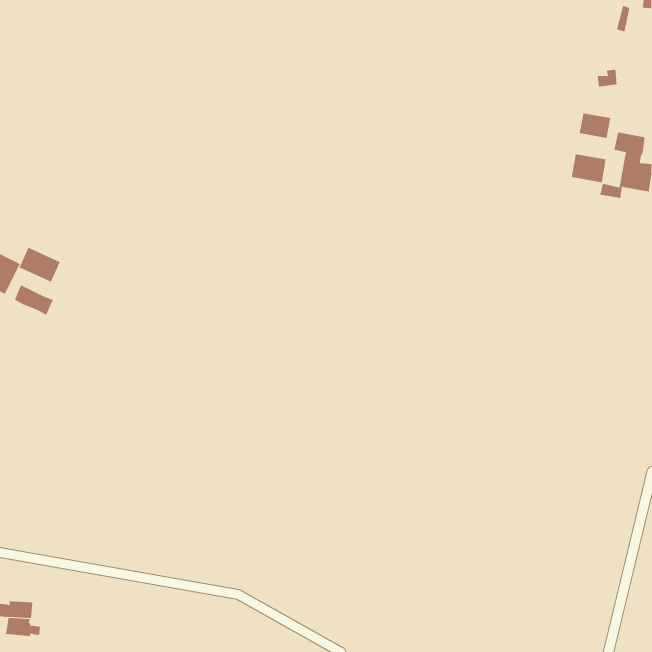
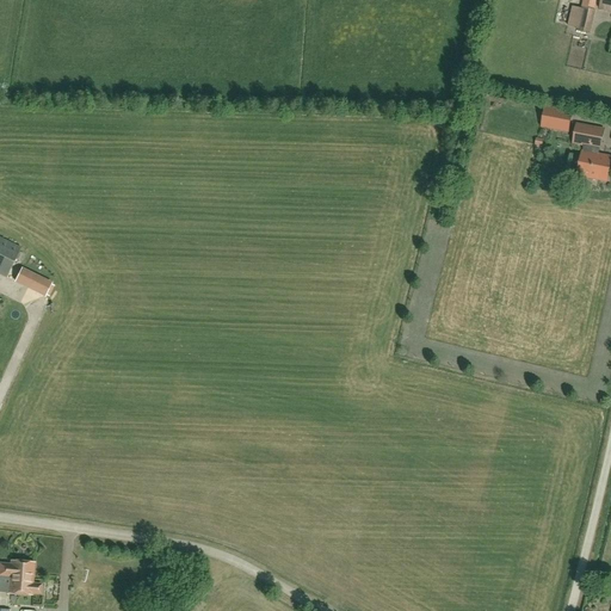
building: [571,153,606,183] -> none
building: [19,247,61,283] -> none

